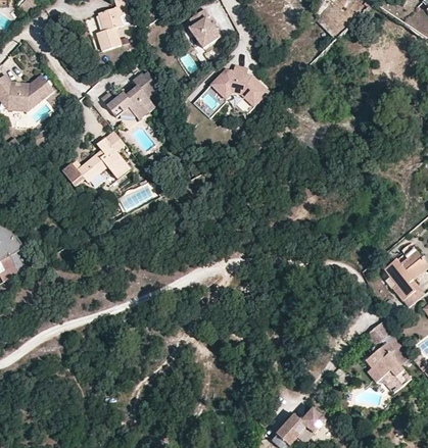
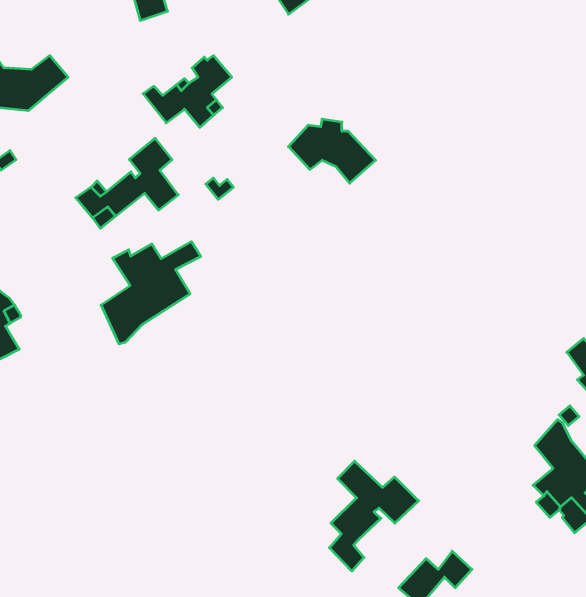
building: [210,65,269,108] -> [288,119,376,183]
building: none -> [101,242,201,344]
building: none -> [329,461,419,571]

